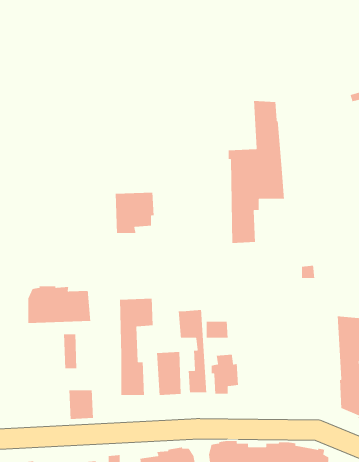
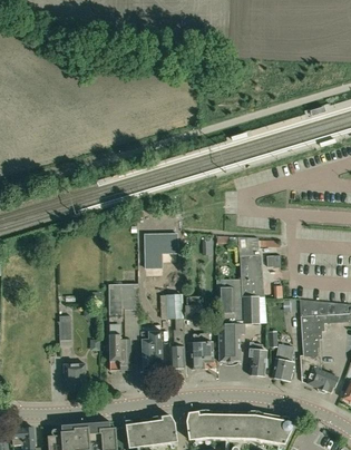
building: [228,100,285,244] -> [216,236,266,362]
building: [115,192,154,234] -> [144,231,178,267]
building: [27,286,91,324] -> none
building: none -> [248,341,266,375]
building: none -> [271,349,294,381]

